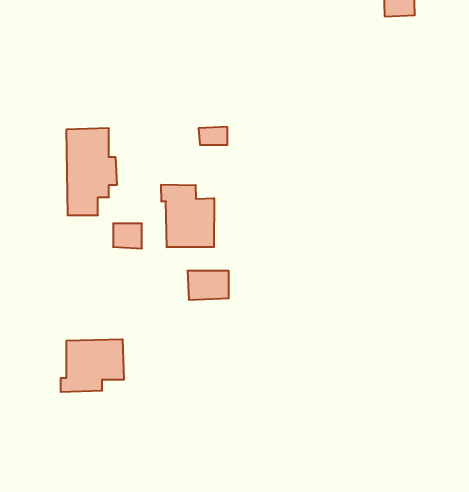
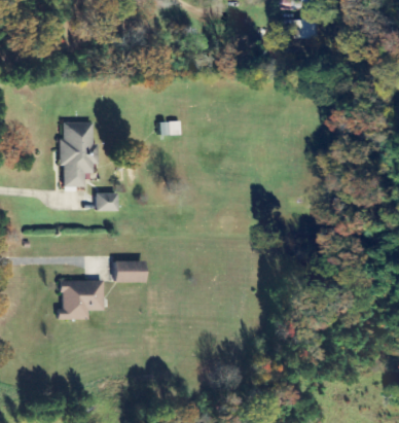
building: [161,185,214,247] -> none
building: [187,271,229,300] -> [112,259,143,281]

